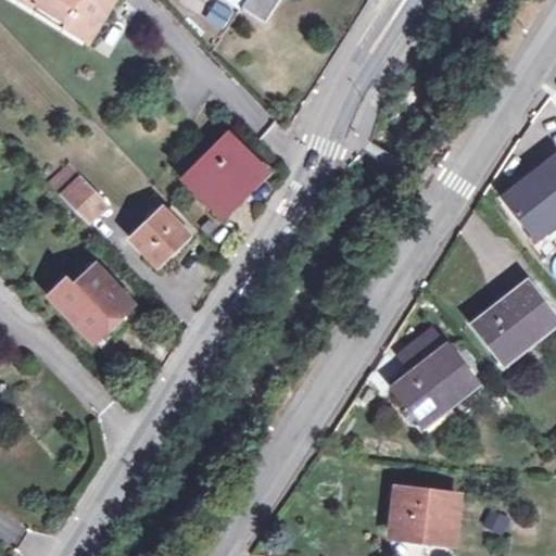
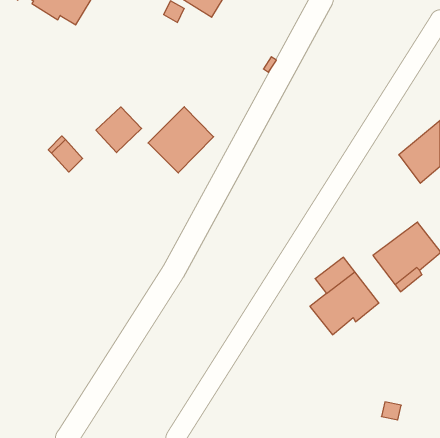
building: [134,208,191,266] -> [96,107,142,153]
building: [50,265,135,342] -> none
building: [389,489,456,540] -> none

